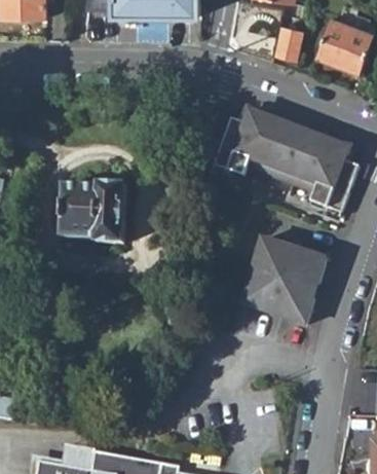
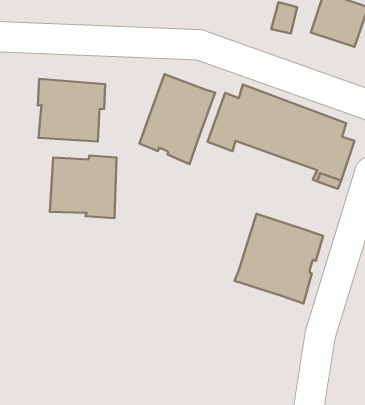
building: none -> [139,74,215,164]
building: none -> [38,79,105,141]

